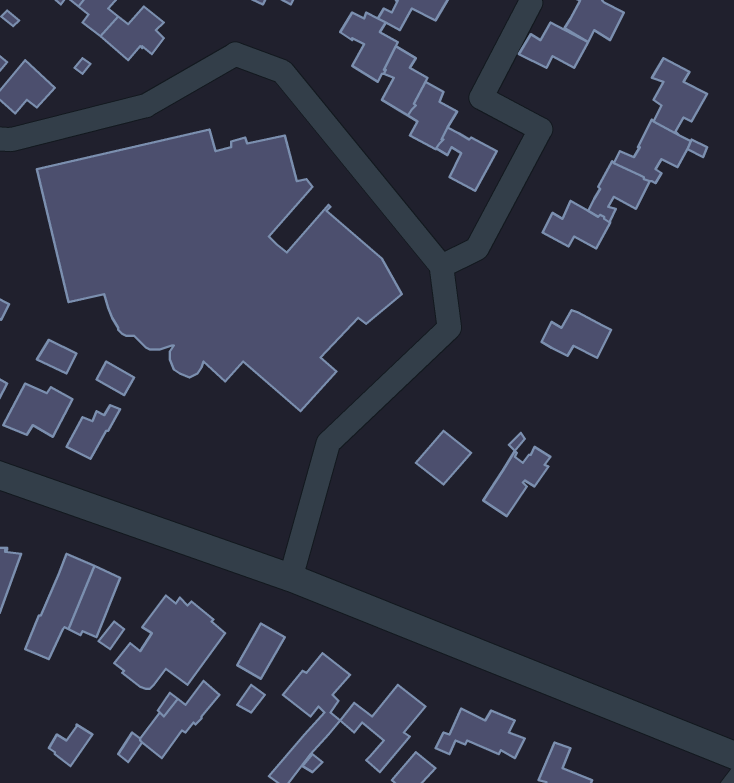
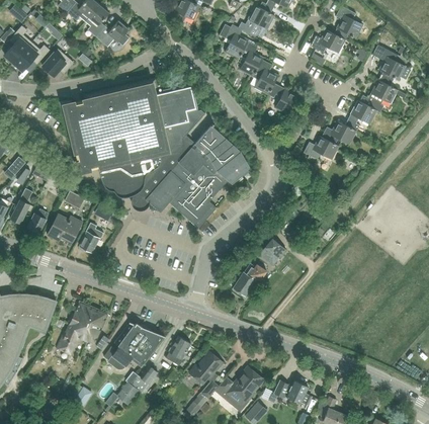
building: [542,310,611,358] -> [304,136,339,160]
building: [483,447,551,516] -> [233,260,267,295]

